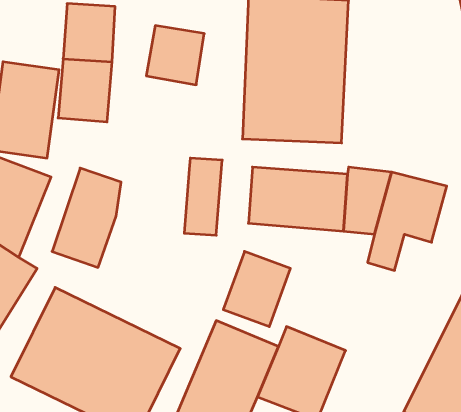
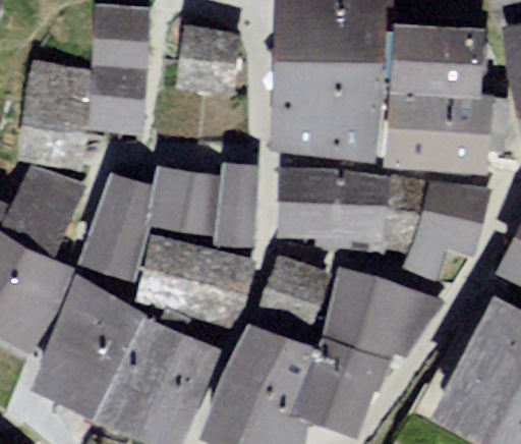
building: none -> [398,32,493,165]
building: none -> [148,165,222,233]
building: none -> [135,238,245,324]
building: none -> [321,271,440,365]

